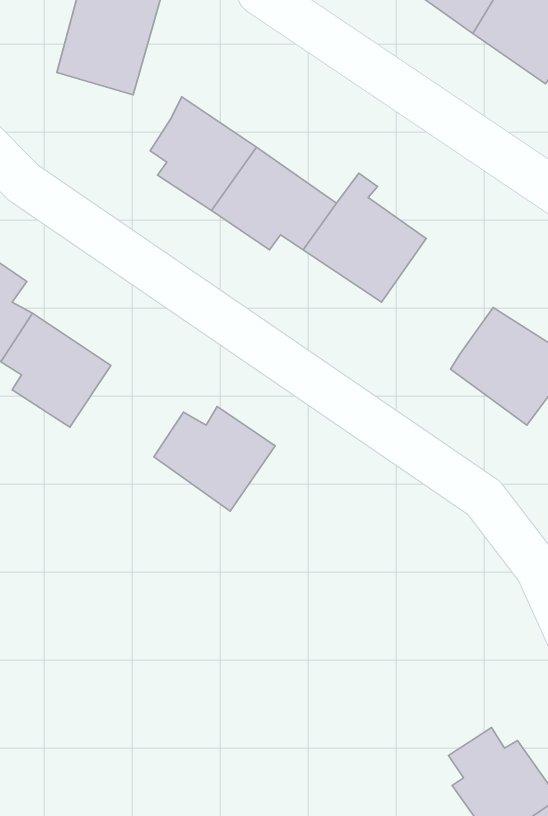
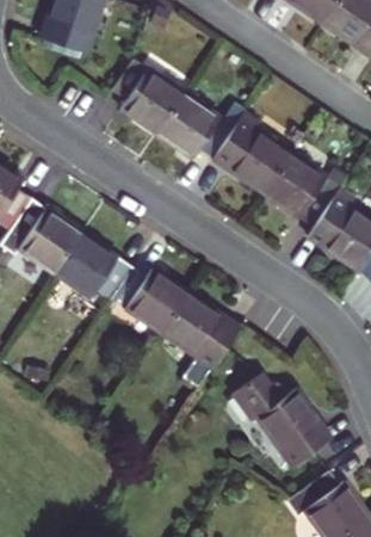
building: none -> [260,154,332,228]
building: none -> [61,235,134,297]
building: none -> [163,286,242,362]
building: none -> [235,369,332,467]

